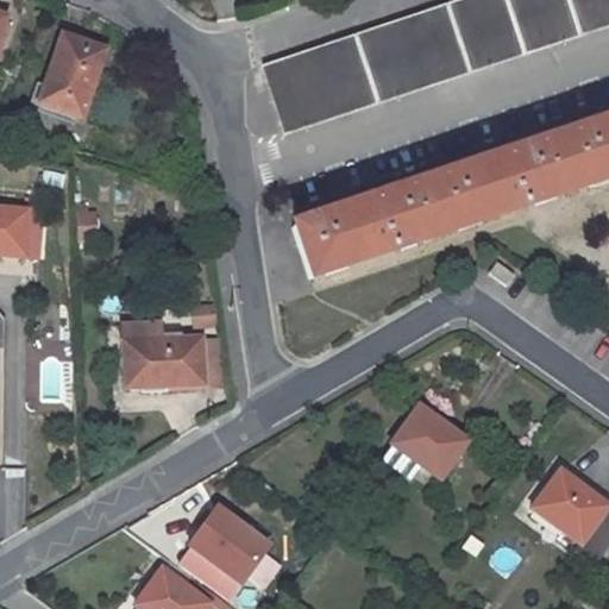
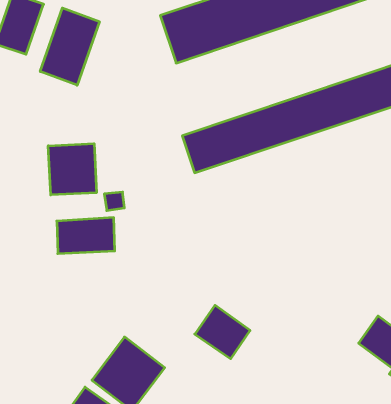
building: none -> [40,8,99,85]
building: none -> [48,144,96,195]
building: [393,403,467,476] -> [195,305,250,359]

